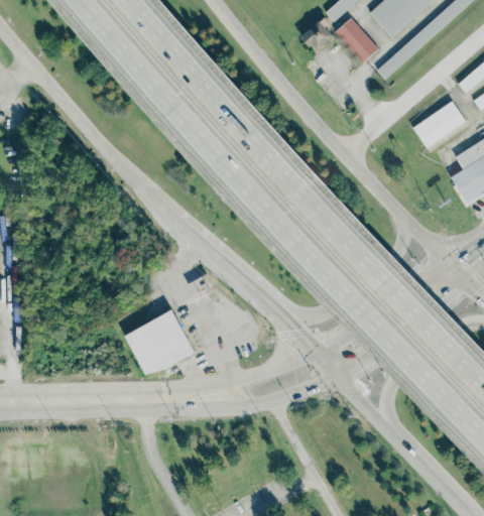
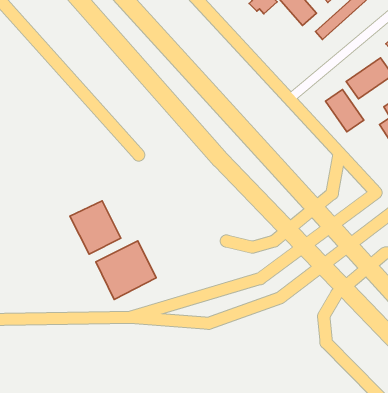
building: none -> [326,89,364,132]
building: none -> [70,201,121,254]

